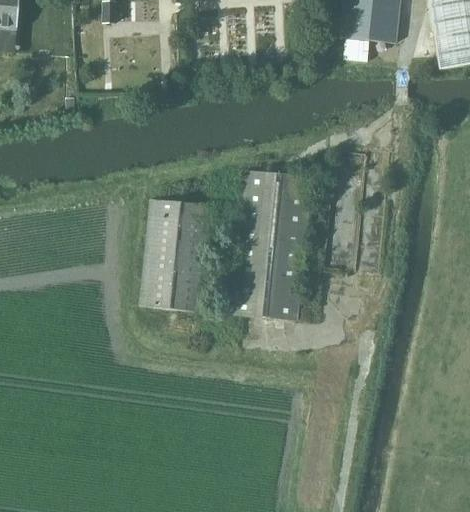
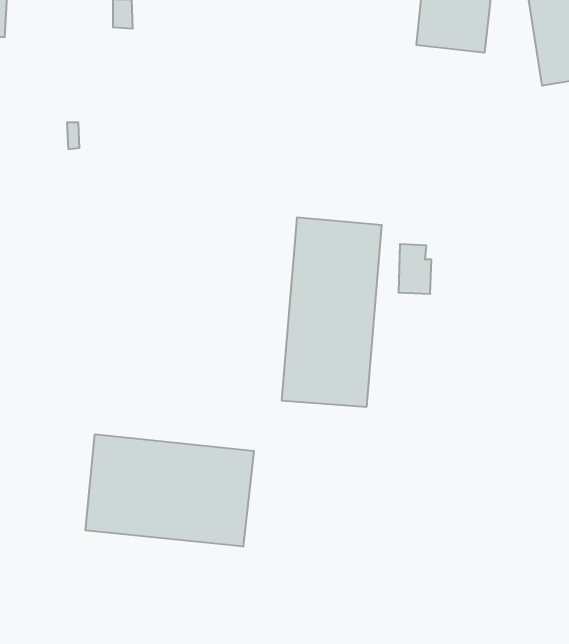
building: [139,198,213,311] -> none
building: none -> [85,434,254,547]

